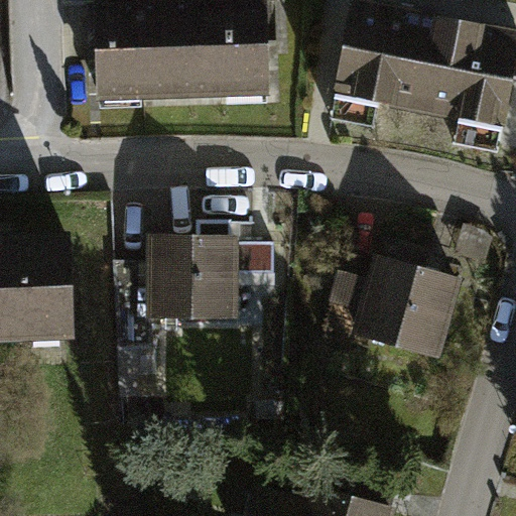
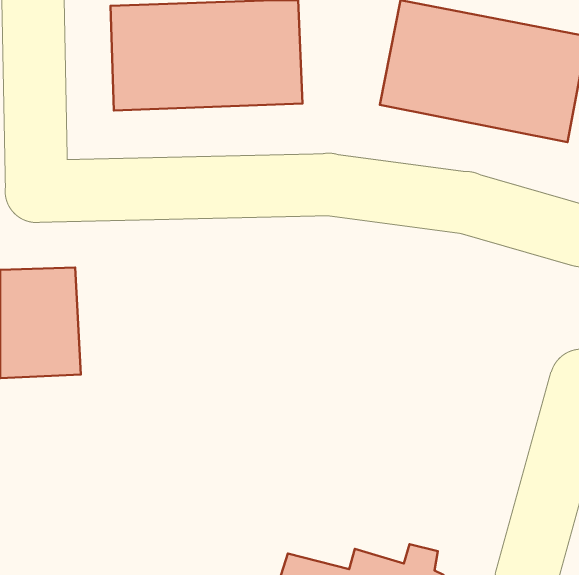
building: [118,226,280,354] -> none
building: [329,263,462,360] -> none

